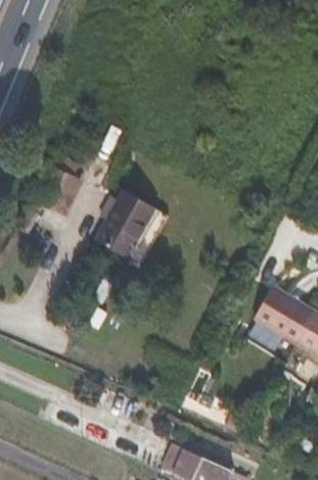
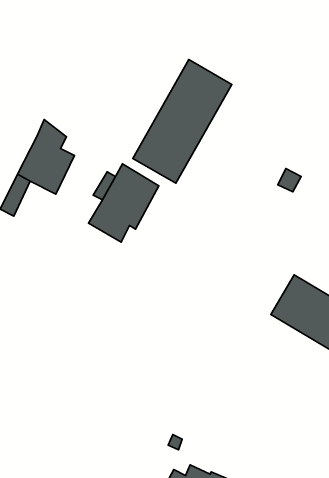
building: none -> [133,60,232,183]

